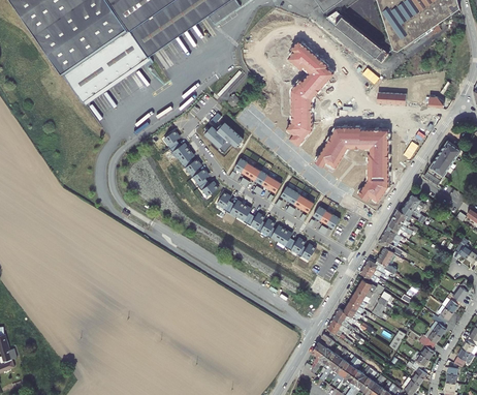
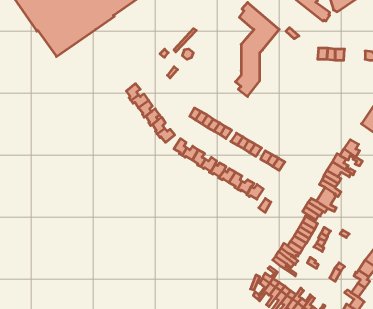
building: [204,123,243,152] -> none
building: [315,126,389,203] -> none

